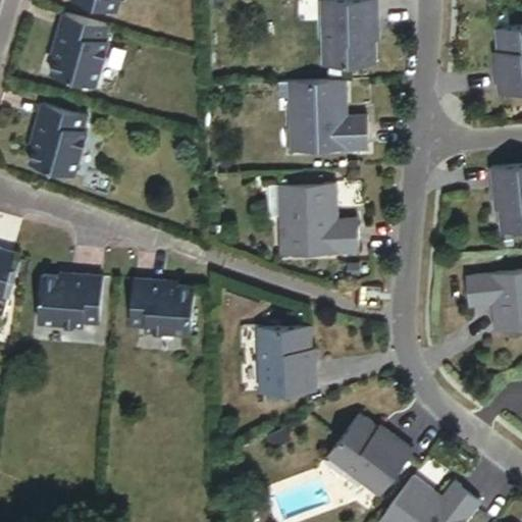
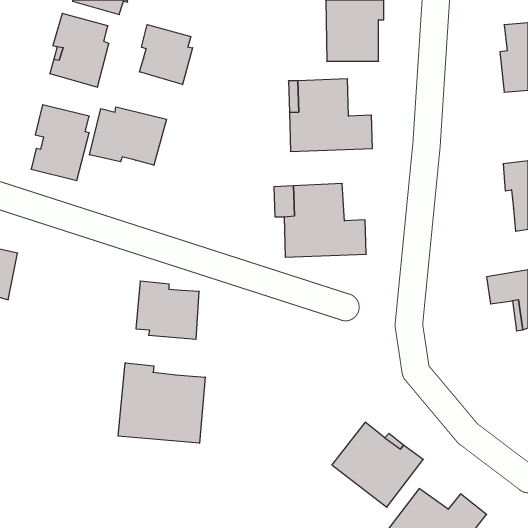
building: none -> [139,25,193,85]
building: none -> [89,107,166,165]
building: [39,273,105,327] -> none
building: [258,328,319,396] -> none
building: none -> [118,363,205,443]

